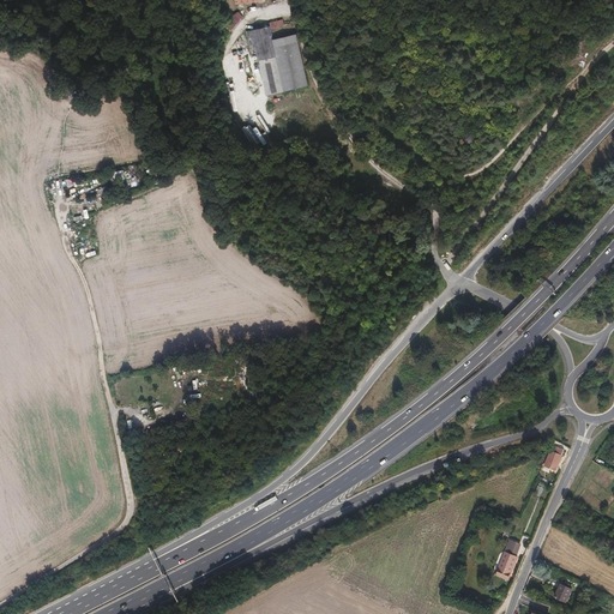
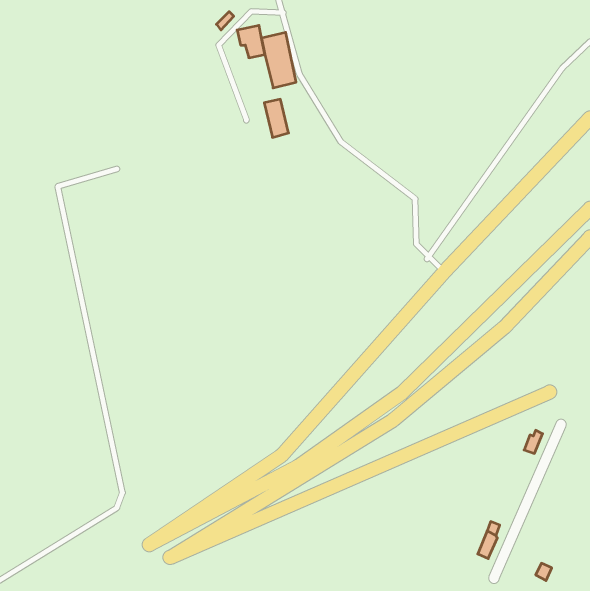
building: [258,56,283,96] -> [264,99,289,137]

